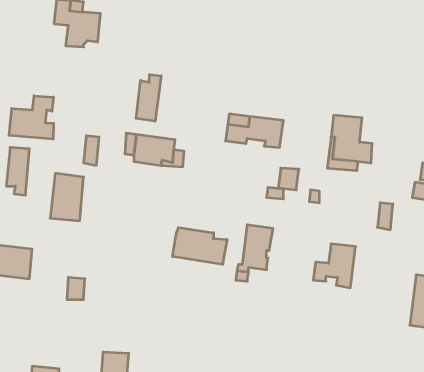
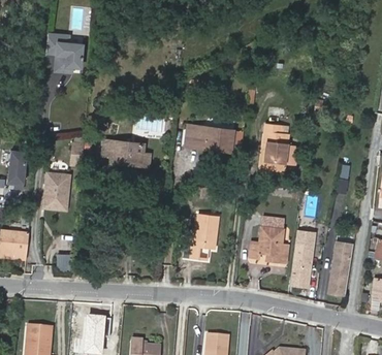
building: [136,75,161,121] -> none
building: [9,96,54,139] -> none
building: [173,228,227,264] -> none
building: none -> [293,230,319,286]

